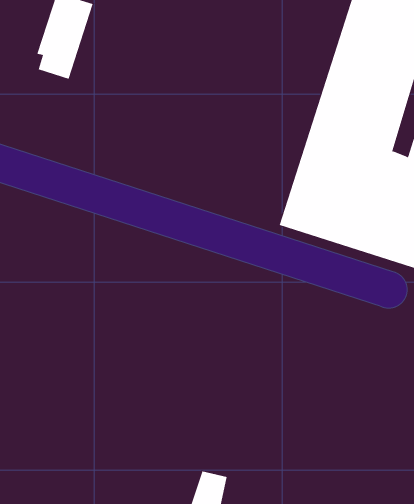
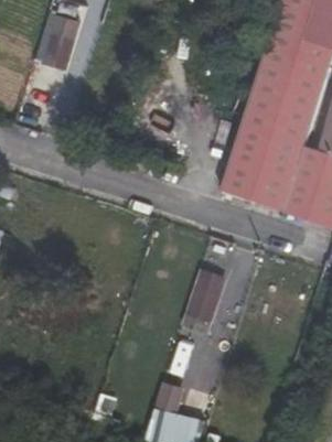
building: none -> [185,269,223,330]

